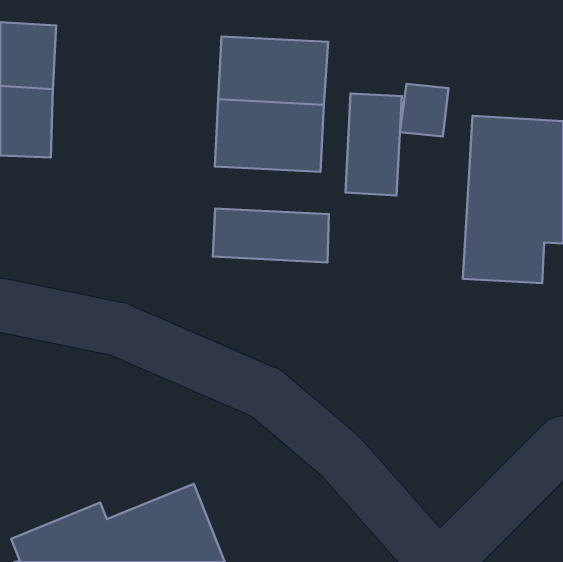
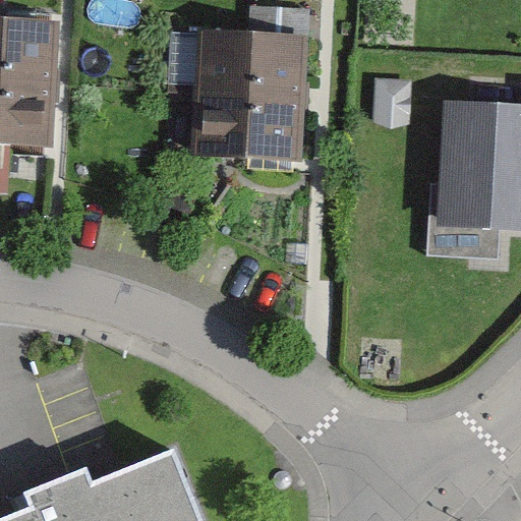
building: [345,93,402,195] -> none
building: [213,208,329,262] -> none

